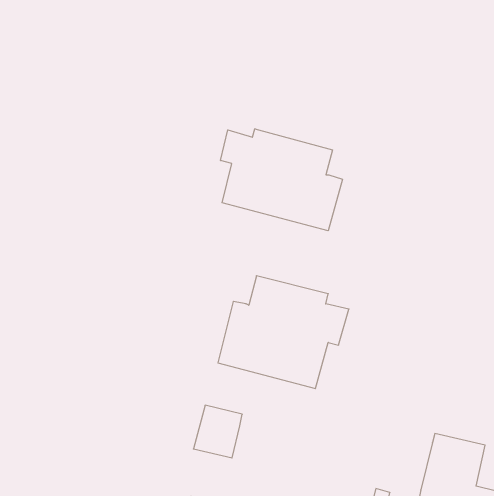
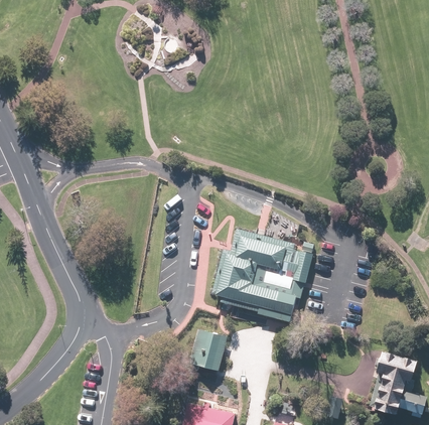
building: [221,129,343,231] -> none

